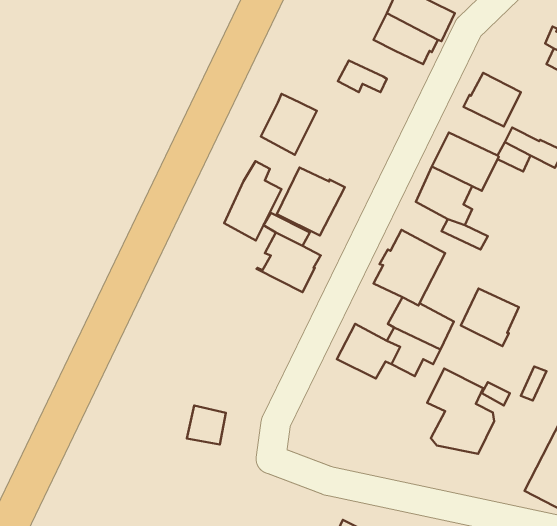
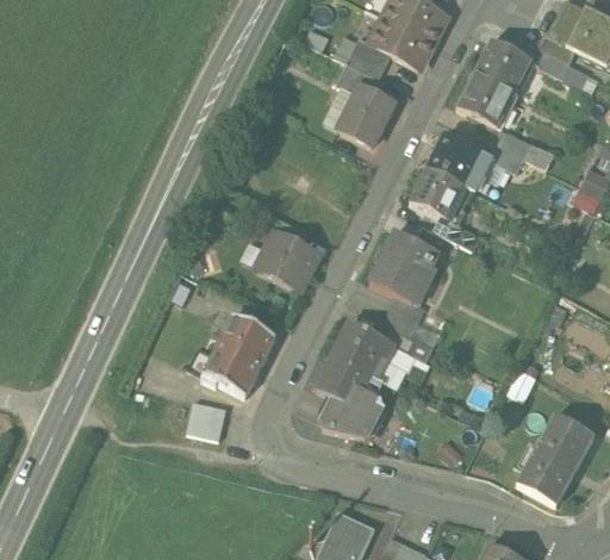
building: none -> [346,37,391,79]
building: none -> [477,41,530,94]
building: [261,94,317,155] -> [338,86,393,145]
building: [224,161,282,241] -> none
building: [277,167,345,236] -> none
building: [461,288,519,346] -> none
building: none -> [201,315,275,396]
building: [427,369,494,454] -> [317,355,382,438]

